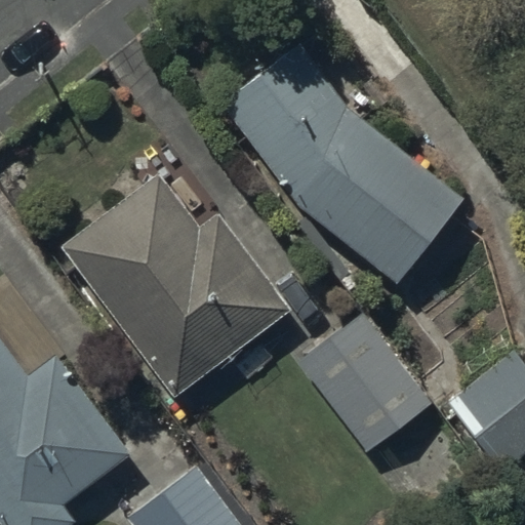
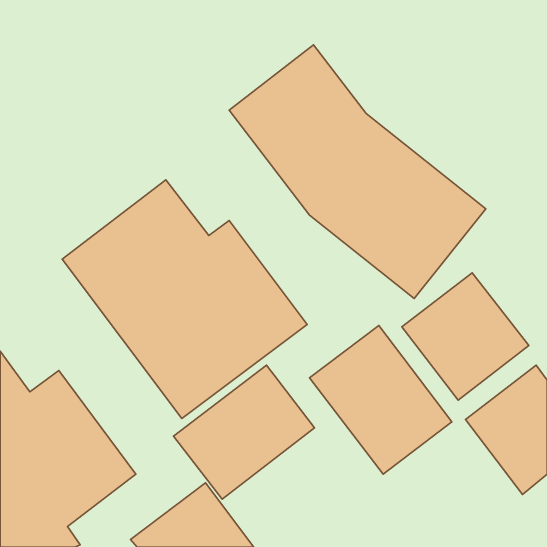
building: none -> [402,273,529,400]
building: none -> [173,365,314,499]

